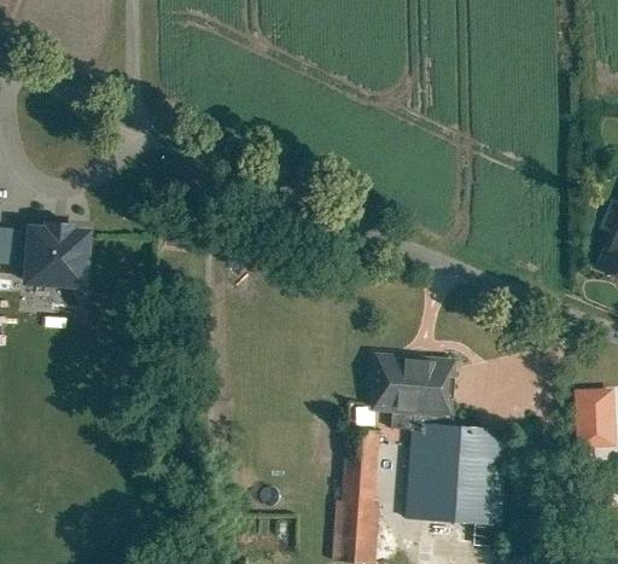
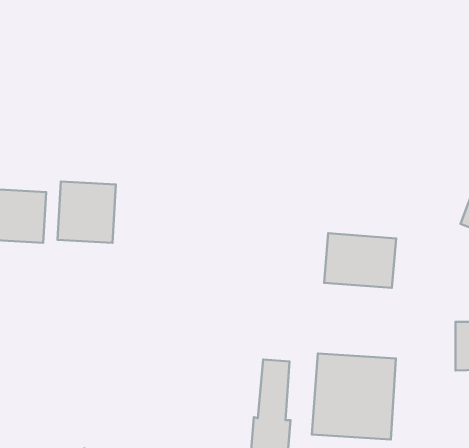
building: none -> [57,182,116,243]
building: [371,353,456,418] -> [324,233,396,288]

